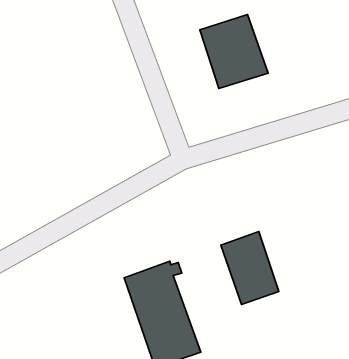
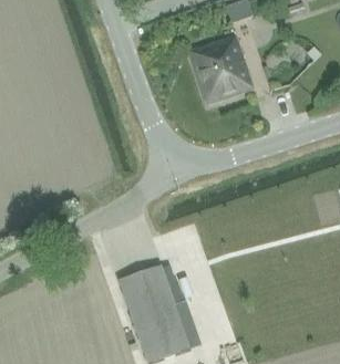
building: [221,232,279,305] -> none

